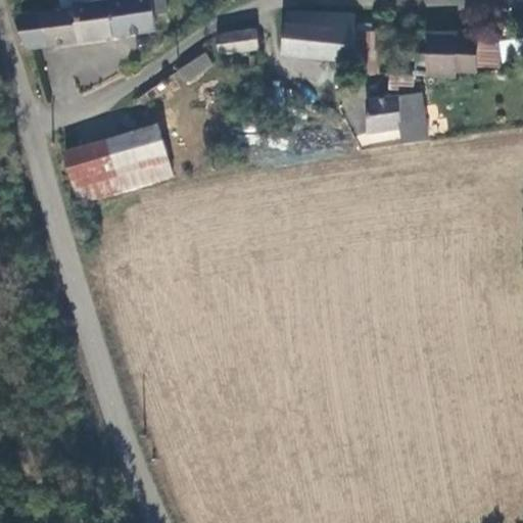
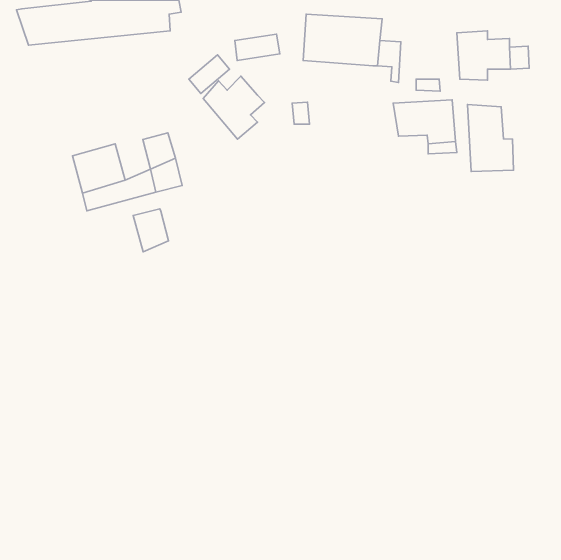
building: none -> [203,76,264,139]
building: none -> [468,104,513,171]
building: [107,129,140,169] -> [133,209,168,252]

